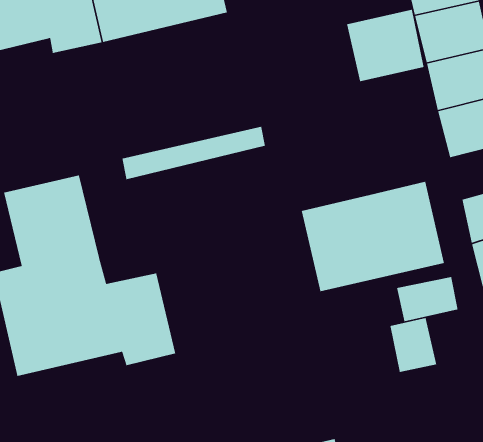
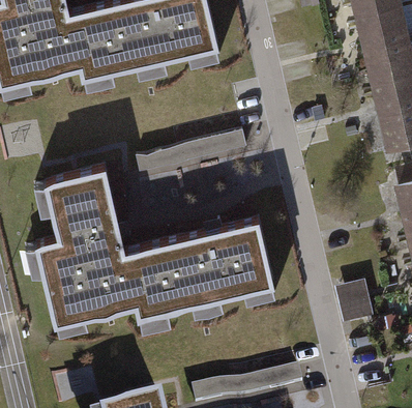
building: [346,9,425,82] -> none
building: [301,181,445,292] -> [164,222,273,307]
building: [396,276,459,322] -> none

